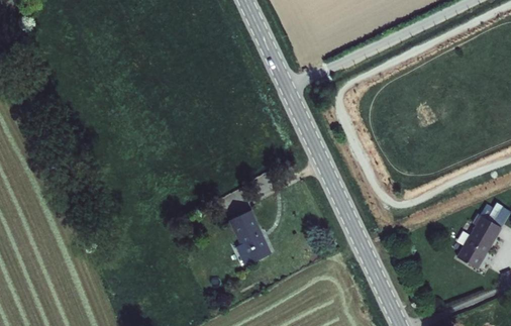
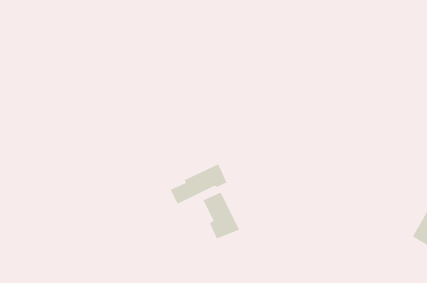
building: none -> [170,163,227,204]

